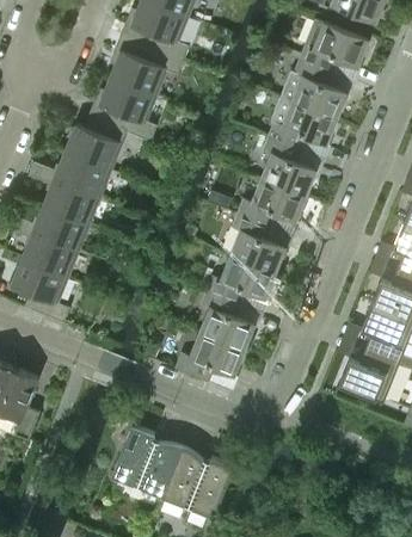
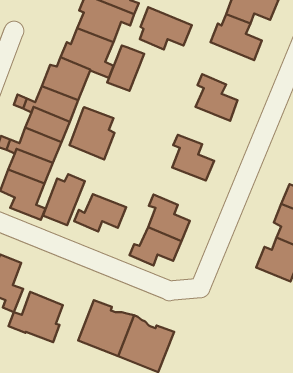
building: [270,95,337,149] -> [140,7,192,49]
building: none -> [107,45,144,91]
building: [239,178,306,226] -> none
building: none -> [69,107,115,159]
building: [208,255,275,303] -> [74,194,126,231]
building: none -> [43,174,85,225]
building: none -> [8,292,63,342]

